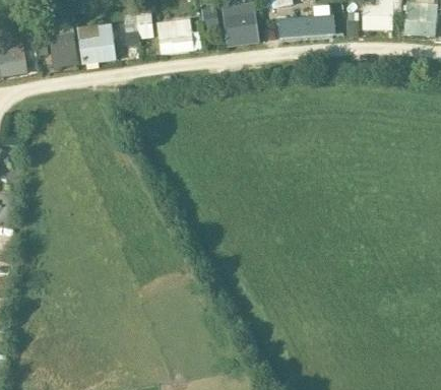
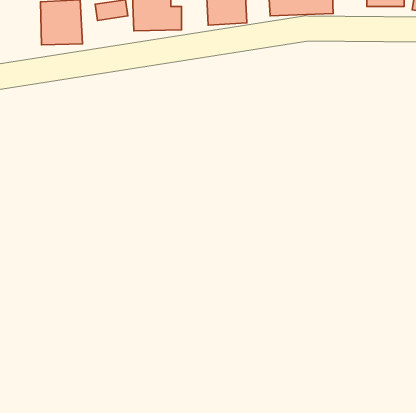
building: [51,34,78,66] -> none

